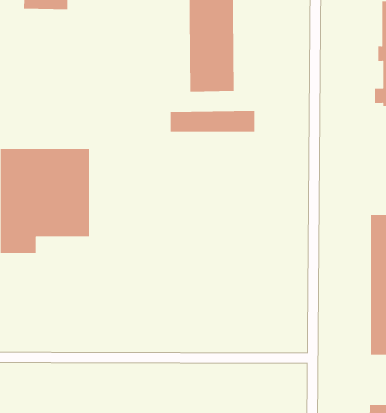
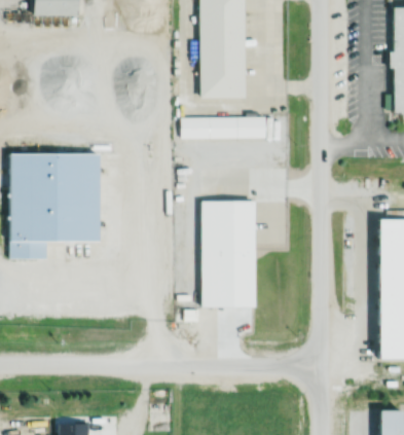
building: none -> [201,202,256,309]

